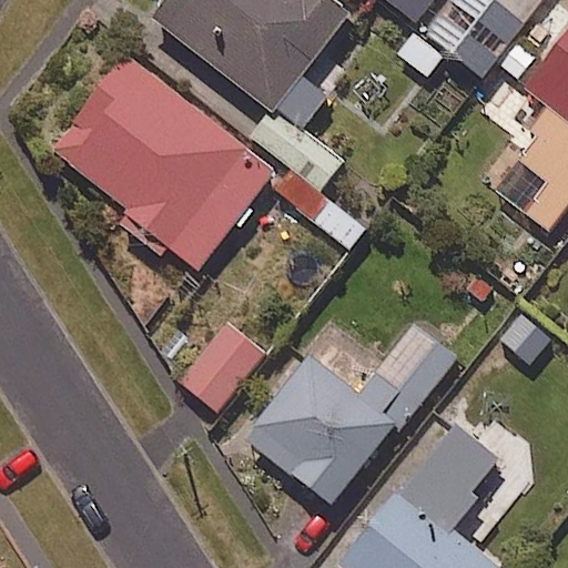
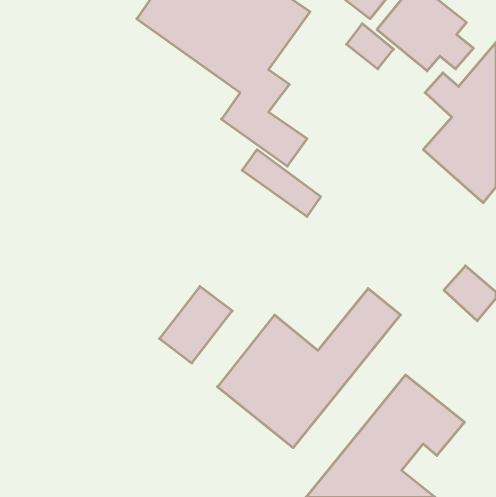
building: [53,55,275,271] -> none

